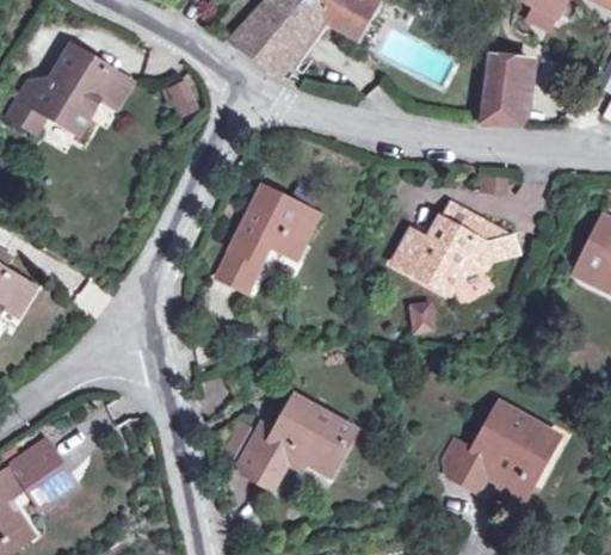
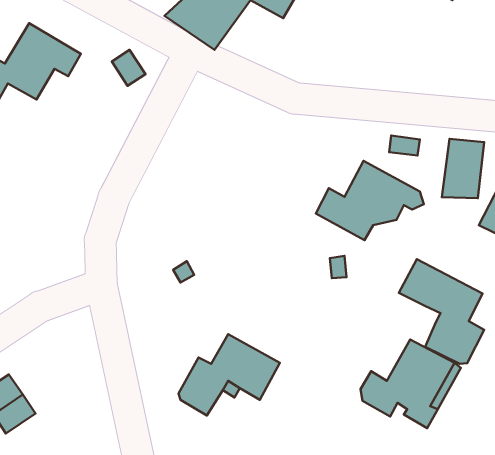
building: [479,57,526,124] -> [442,139,484,198]
building: [217,187,316,289] -> none
building: none -> [399,259,484,364]

